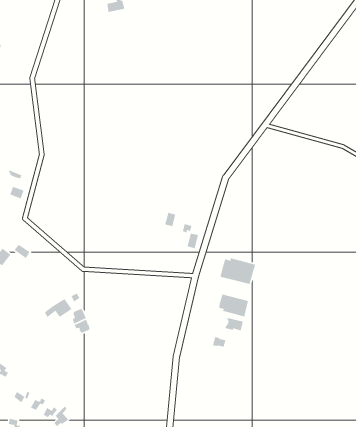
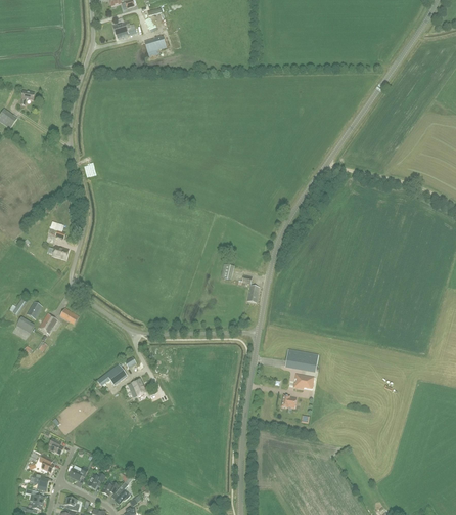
building: [220,257,256,285] -> none

